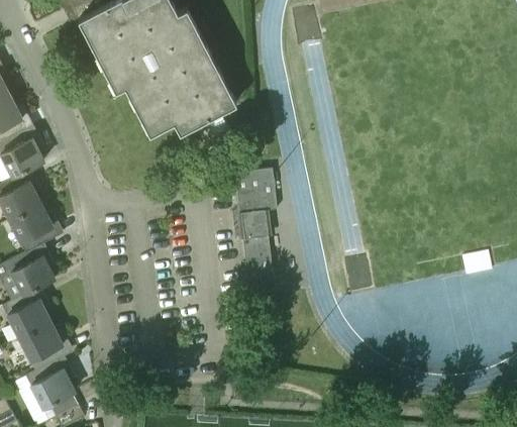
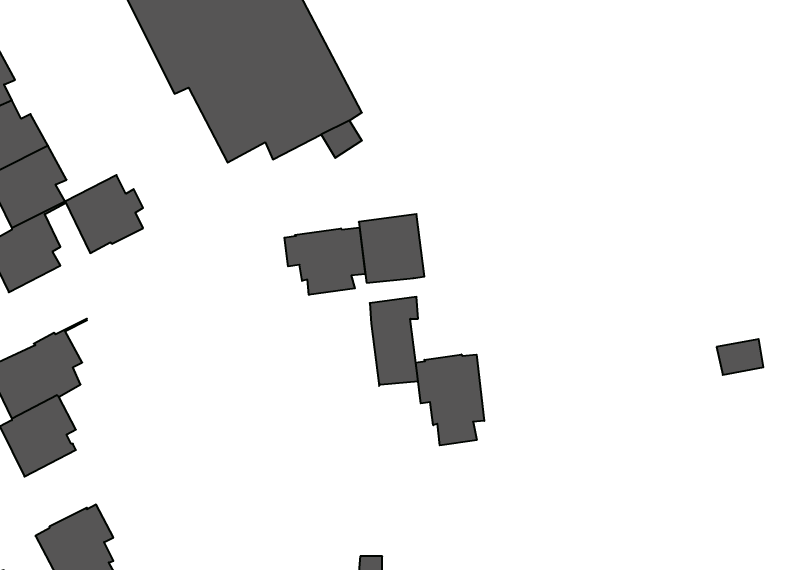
building: none -> [284,227,365,295]
building: [6,203,57,253] -> [65,175,143,253]
building: none -> [416,354,484,445]
building: [16,322,67,371] -> none

